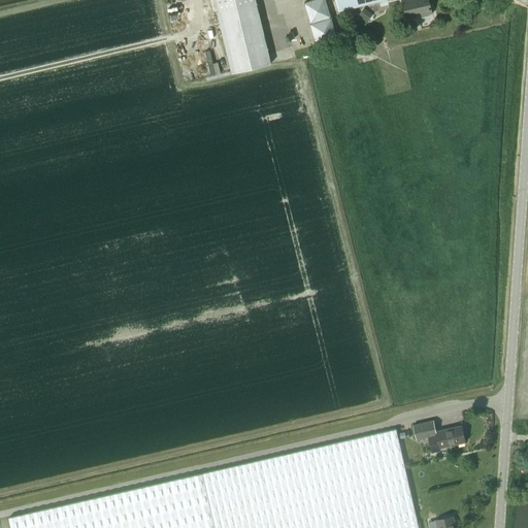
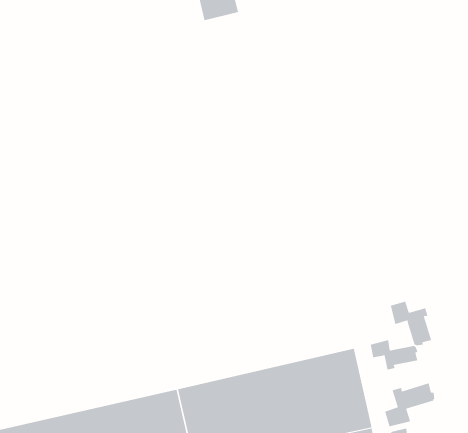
building: none -> [390,301,432,346]
building: none -> [384,383,435,427]

